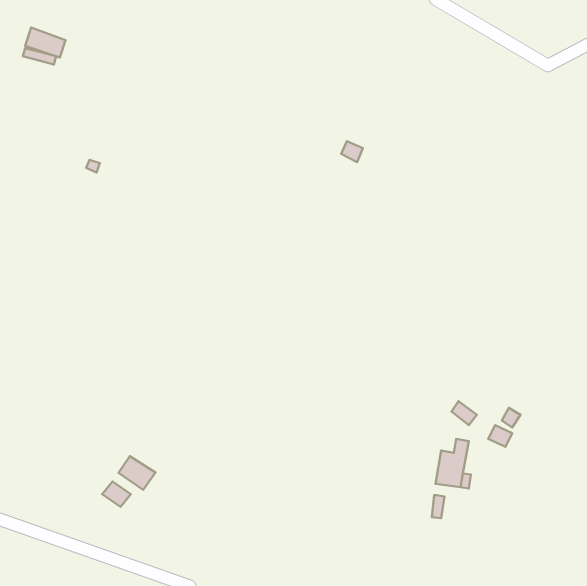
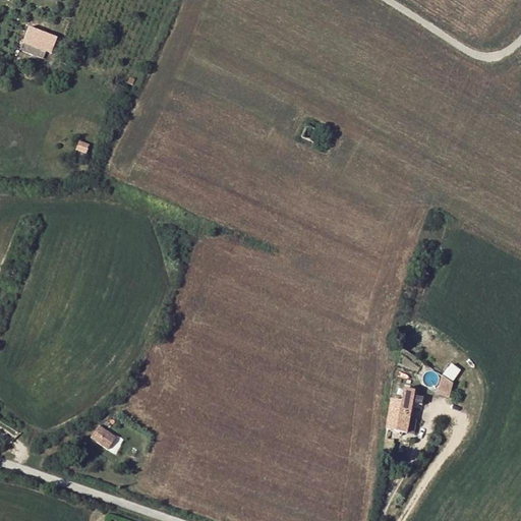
building: [118,456,155,490] -> none

